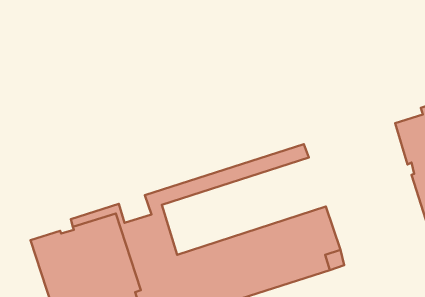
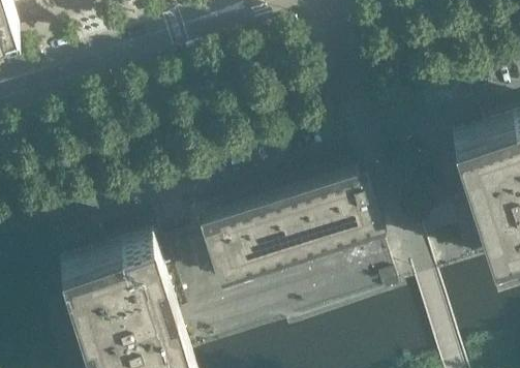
building: none -> [202,179,383,285]

